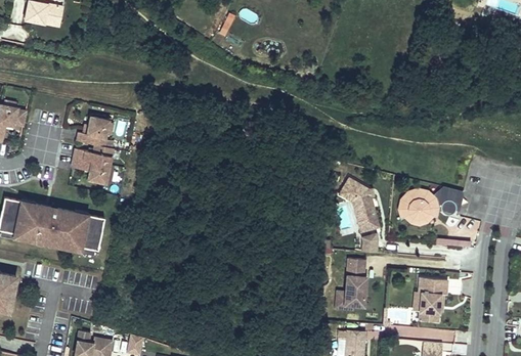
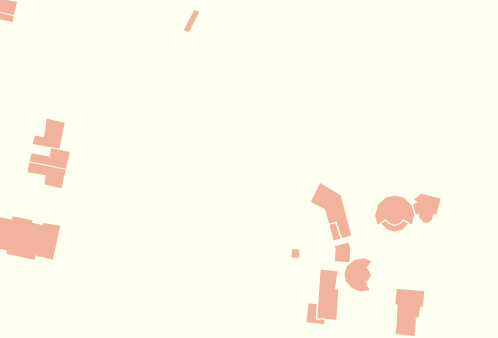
building: none -> [344,258,372,292]

